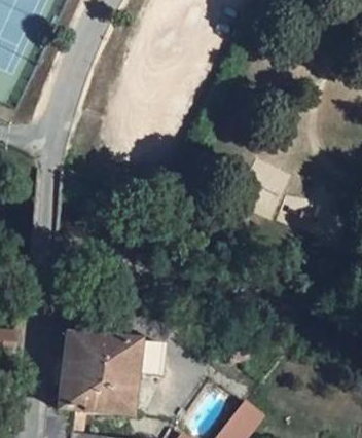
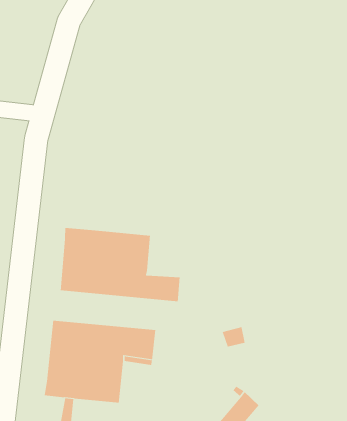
building: none -> [60,227,180,302]

